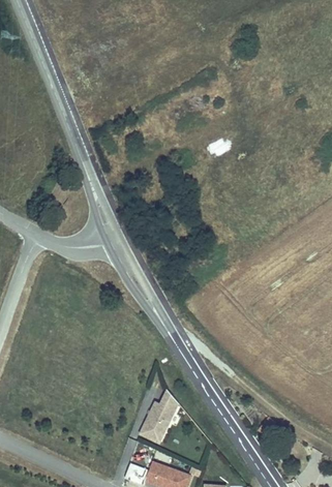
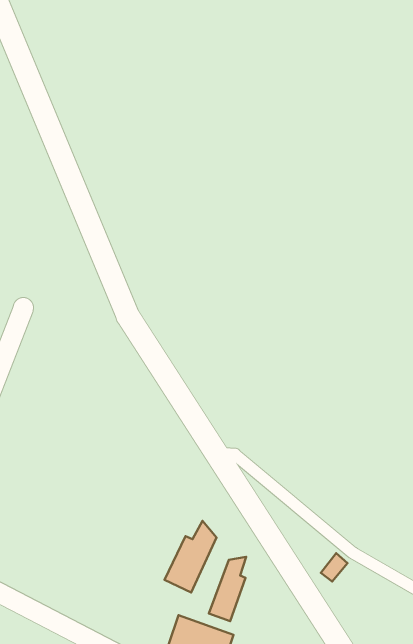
building: none -> [209,557,246,621]

